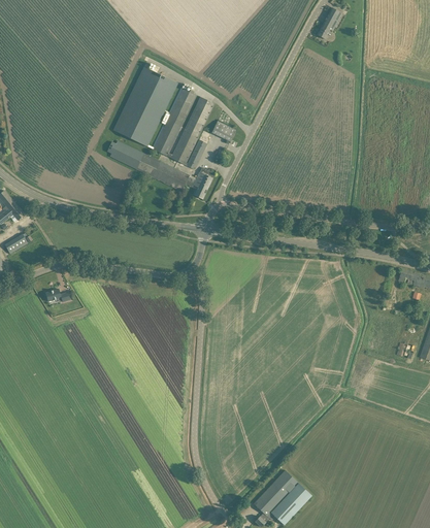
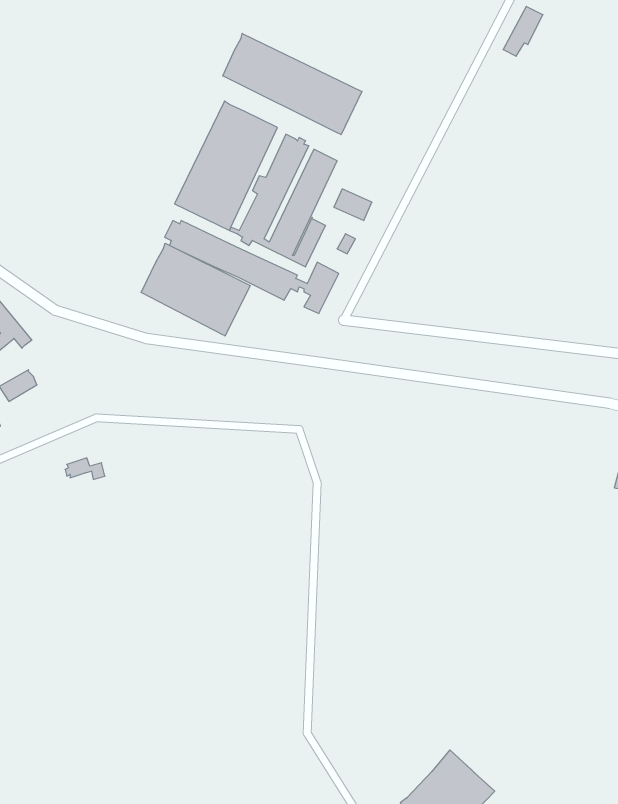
building: none -> [223,33,362,135]
building: none -> [141,243,250,336]

